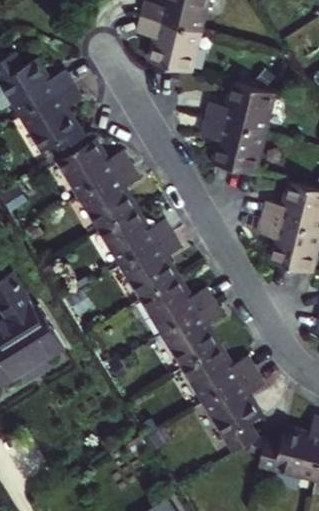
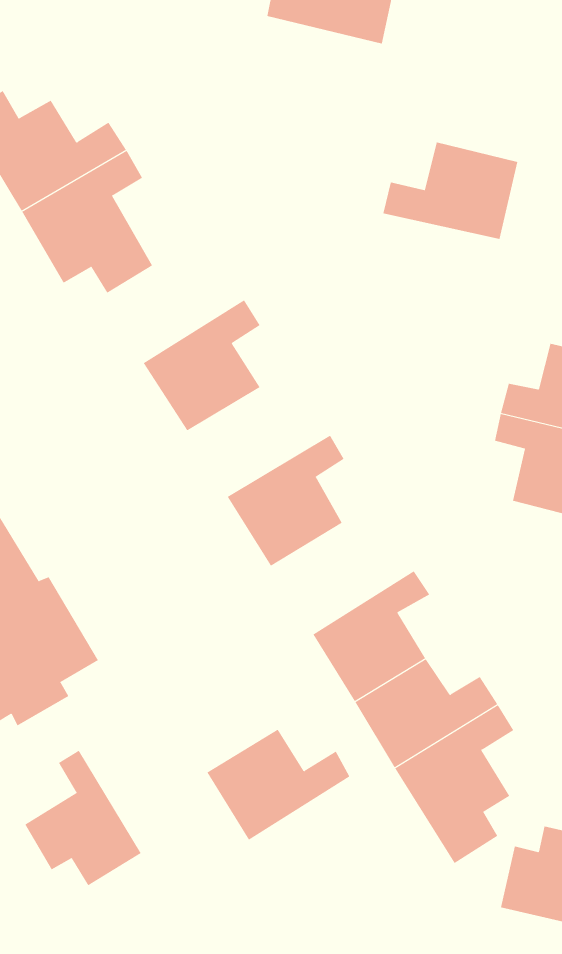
building: [140,23,202,78] -> none
building: [199,122,261,178] -> none
building: [61,141,133,197] -> none
building: [104,209,176,264] -> none
building: [146,277,218,333] -> [206,729,350,840]
building: none -> [25,750,142,886]

